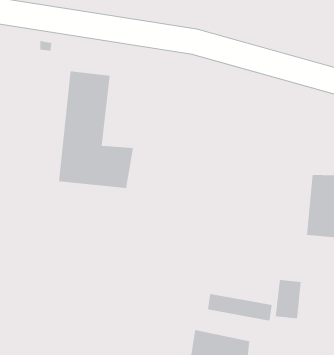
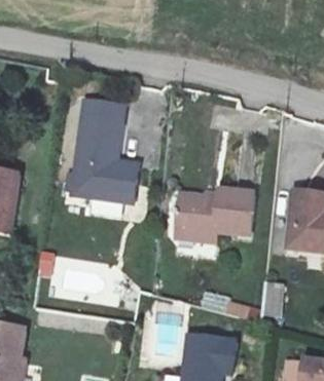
building: none -> [178,190,250,245]

